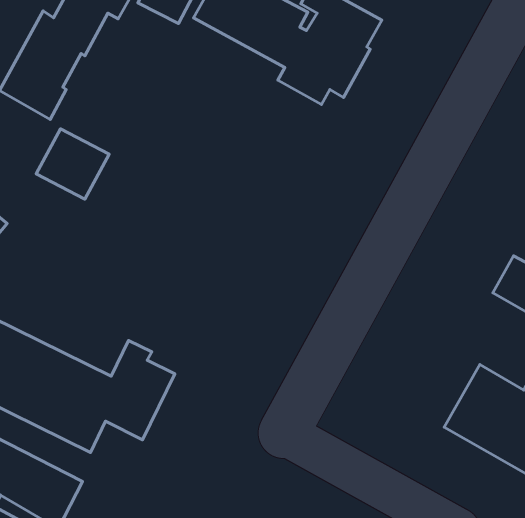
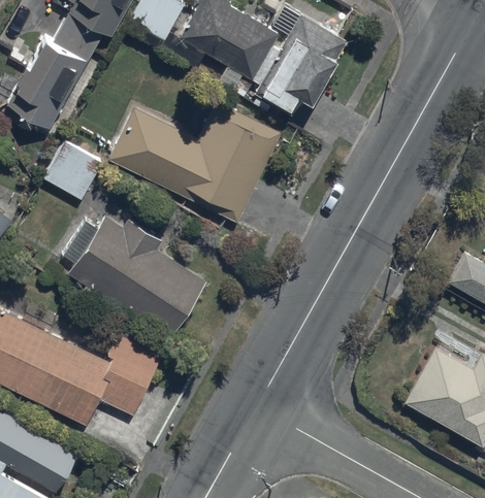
building: none -> [106,100,282,221]
building: none -> [63,215,206,340]

